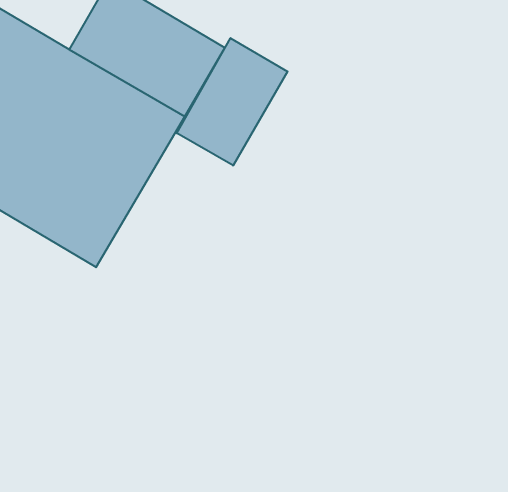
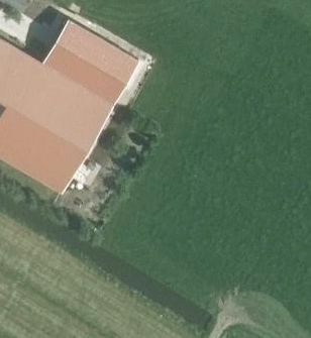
building: [177,38,288,166] -> none

